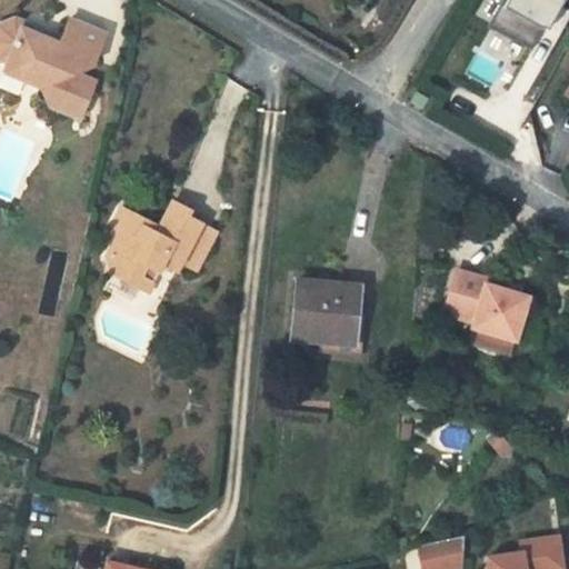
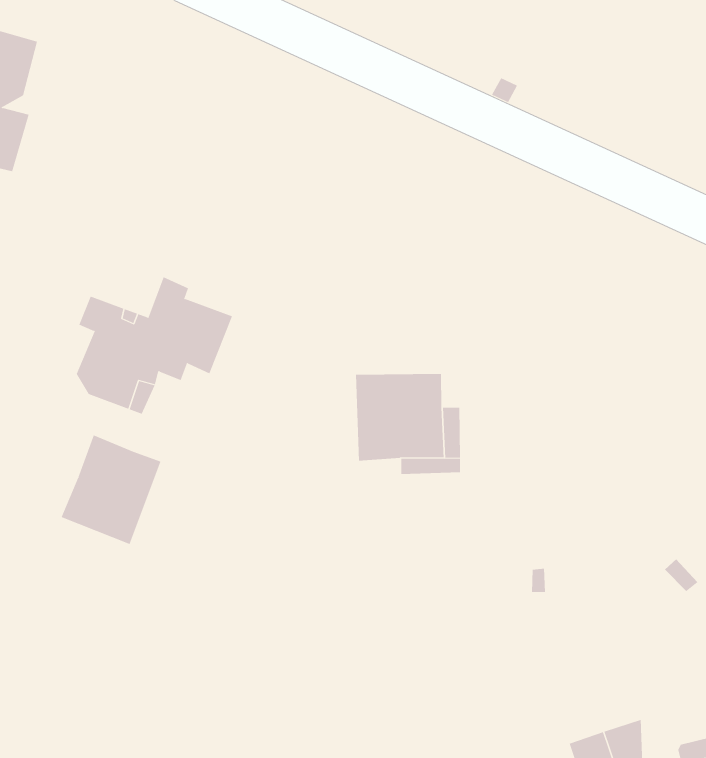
building: [445,269,530,357] -> none
building: none -> [61,435,161,545]

